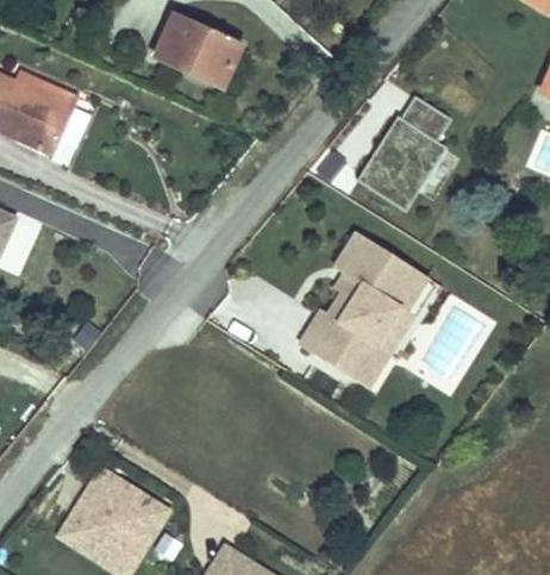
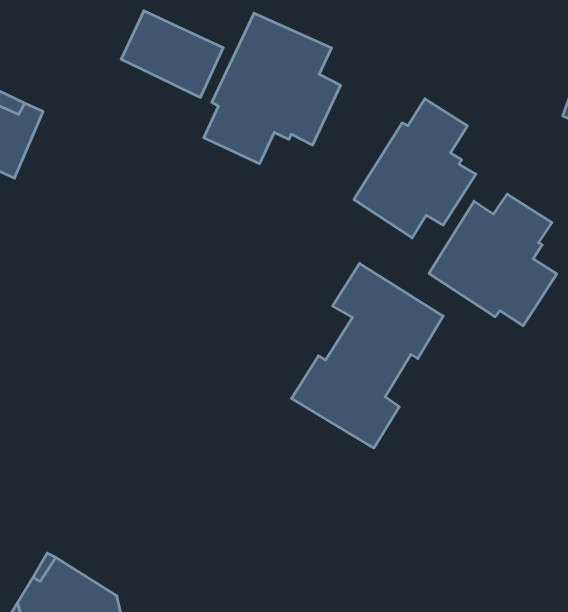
building: none -> [204,13,341,164]
building: none -> [429,194,557,326]

